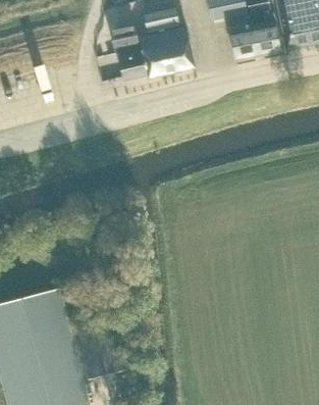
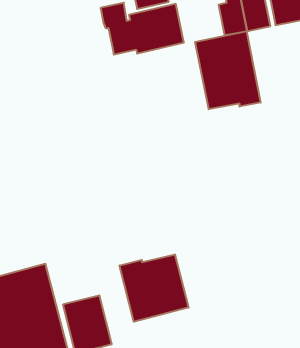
building: none -> [195,31,261,109]
building: none -> [120,254,189,322]

